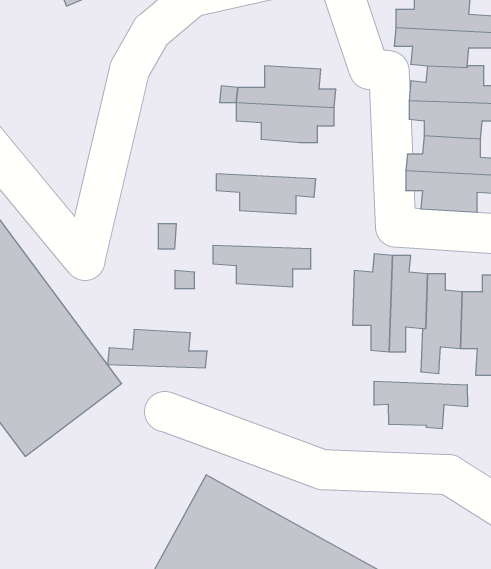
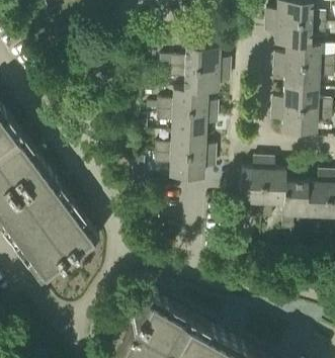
building: none -> [156,87,217,111]
building: [108,330,207,368] -> [154,130,215,154]
building: [374,381,467,429] -> none

